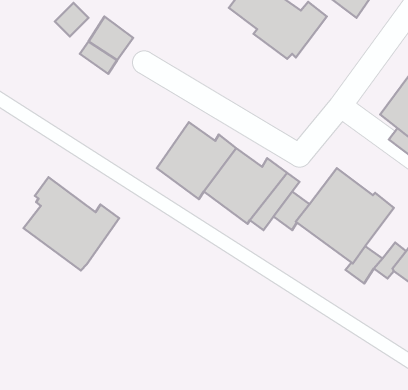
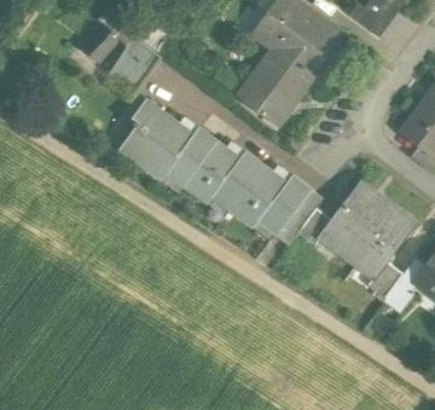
building: none -> [236,53,311,126]
building: [24,177,119,270] -> [122,99,215,190]

